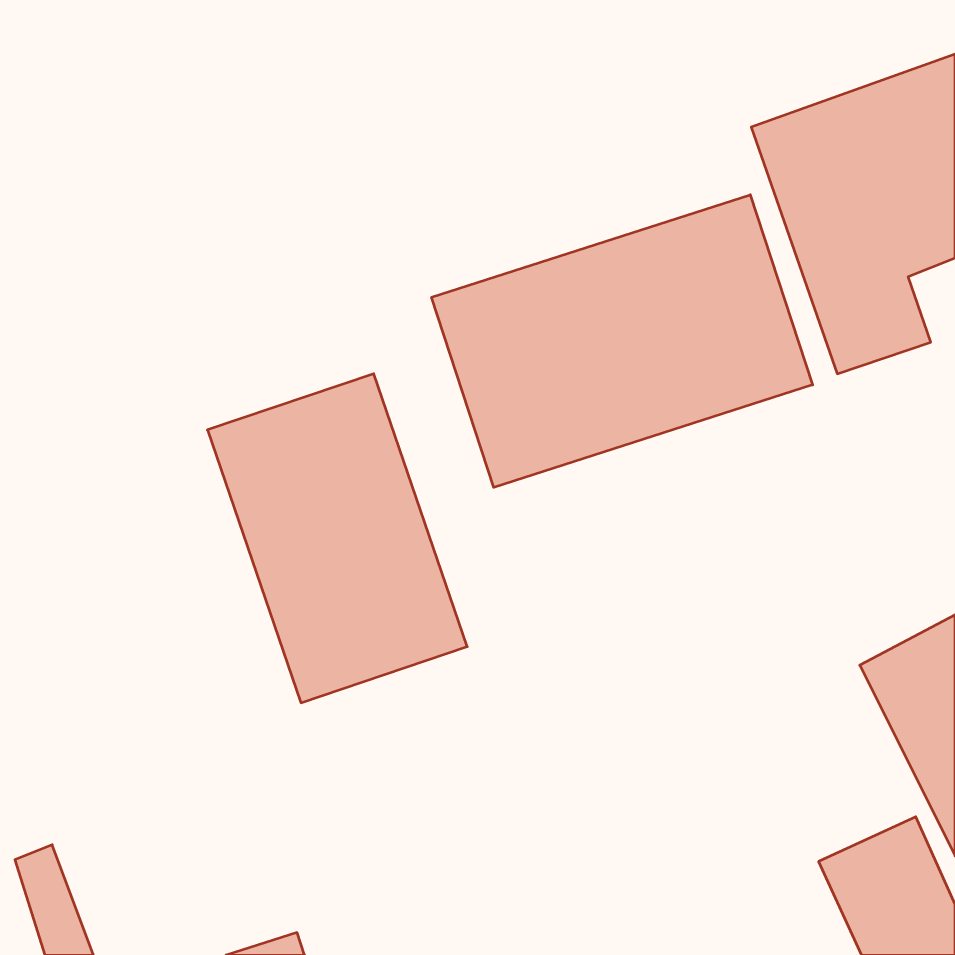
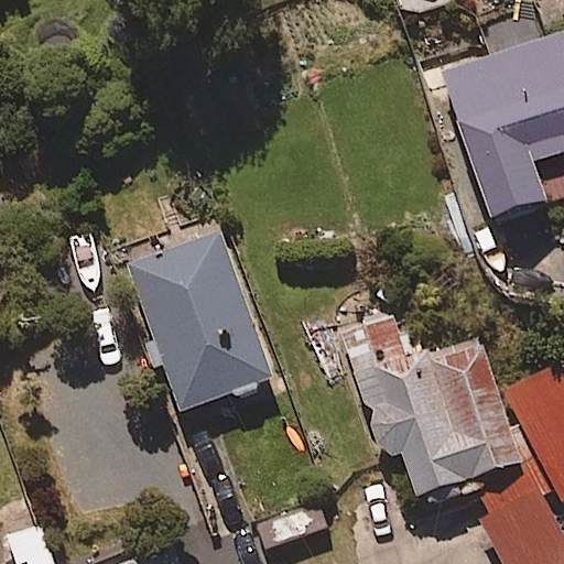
building: [432,195,813,487] -> none
building: none -> [350,316,522,498]

